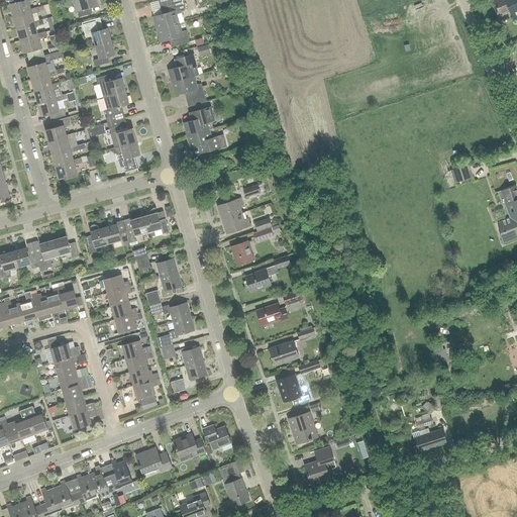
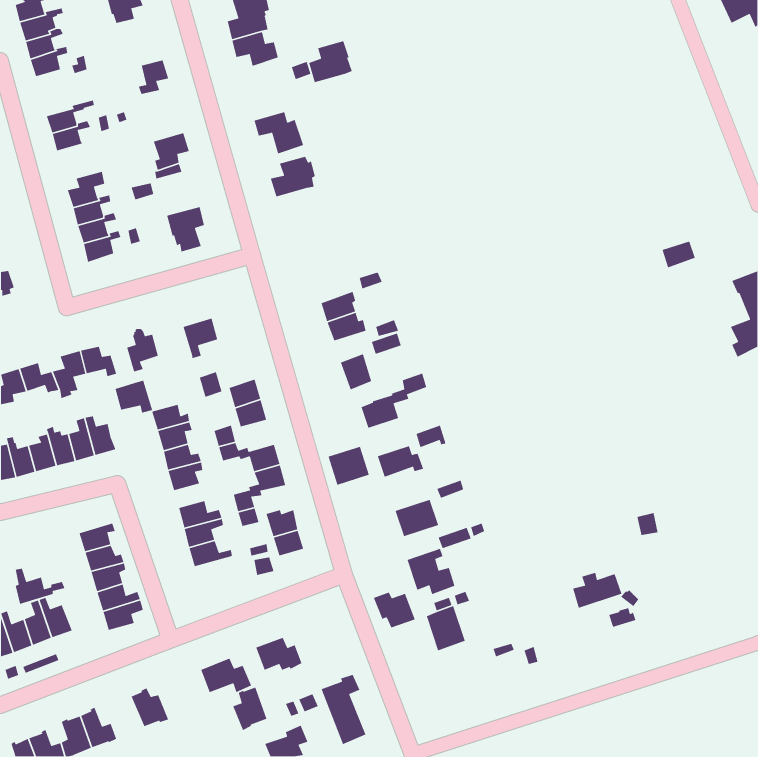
building: [83,17,111,44] -> none
building: [28,50,63,79] -> none
building: [169,53,199,82] -> [308,40,353,83]
building: [97,73,125,96] -> none
building: [38,94,66,119] -> none
building: [109,123,136,146] -> none
building: [188,128,227,151] -> none
building: [144,207,170,236] -> none
building: [104,221,130,244] -> [115,379,153,414]
building: none -> [327,446,370,486]
building: [50,337,85,363] -> [15,568,65,605]
building: [132,379,161,406] -> none
building: [202,424,231,449] -> [373,591,416,629]
building: [413,427,447,452] -> [572,572,623,609]
building: [305,446,336,484] -> none
building: [108,459,132,490] -> [232,687,268,731]
building: [76,474,98,503] -> none

